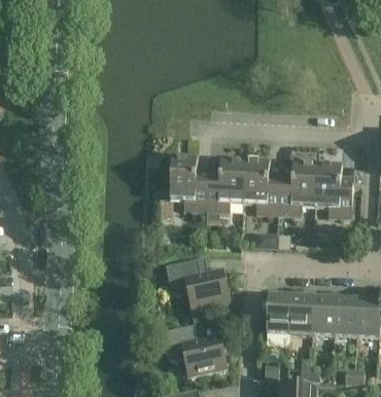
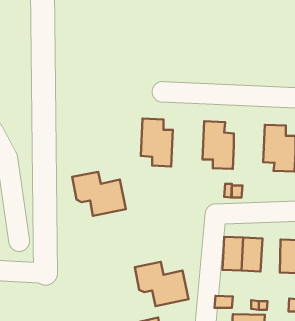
building: [206,156,245,212] -> none
building: [279,160,317,215] -> none
building: [166,258,230,311] -> [72,172,126,216]
building: [312,296,336,336] -> none

